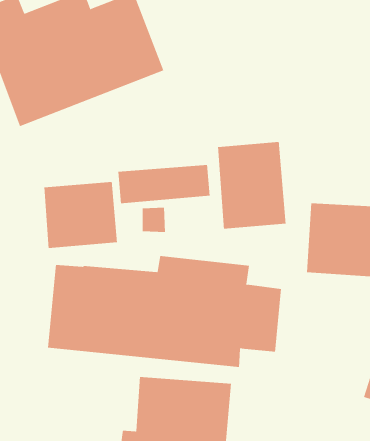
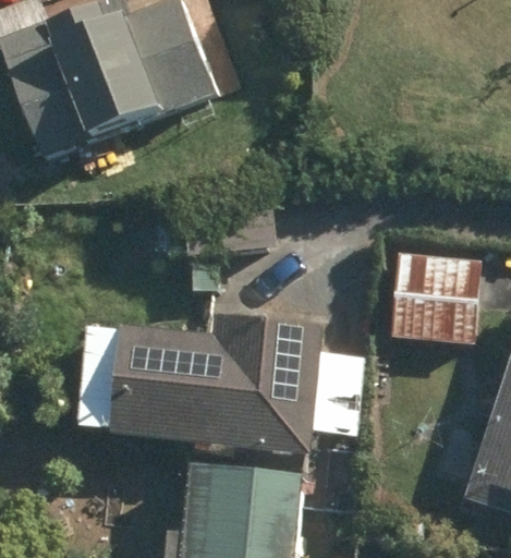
building: [217,141,286,229] -> none
building: [44,181,117,249] -> none

